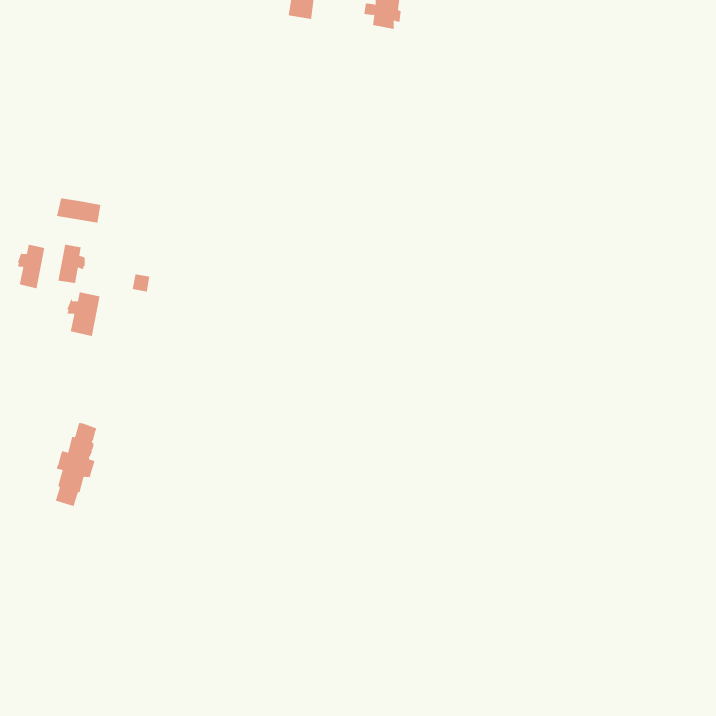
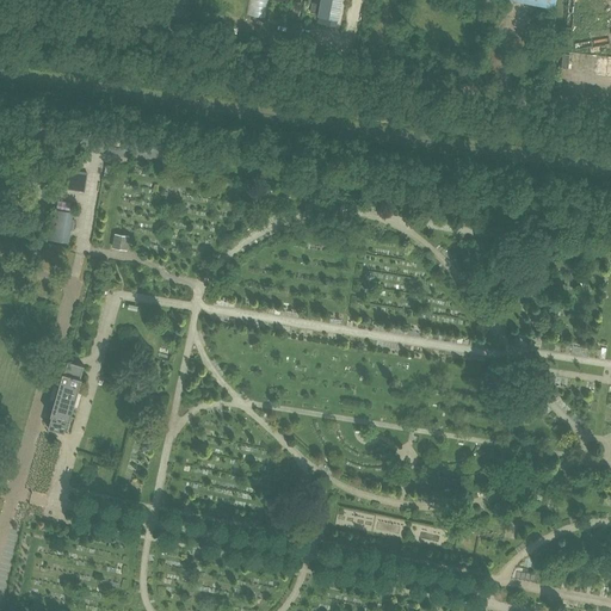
building: [18,244,45,289] -> none
building: [67,291,100,337] -> none

